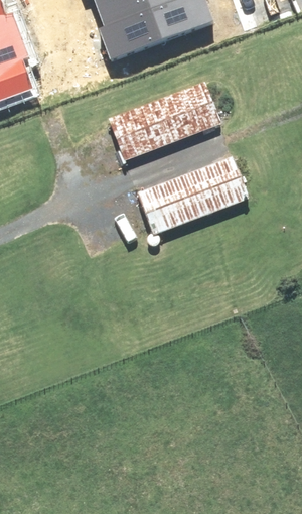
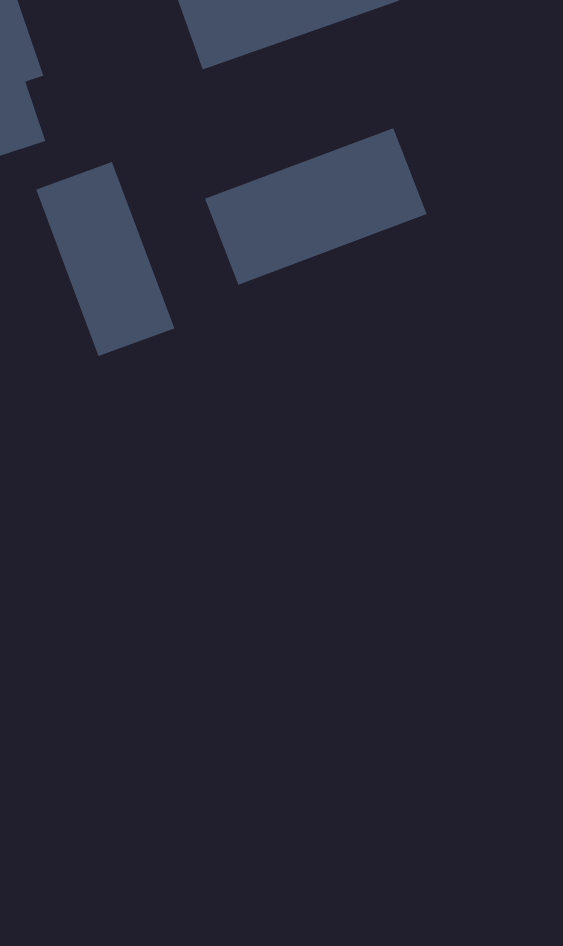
building: none -> [35,161,175,357]
building: [138,157,249,237] -> none

